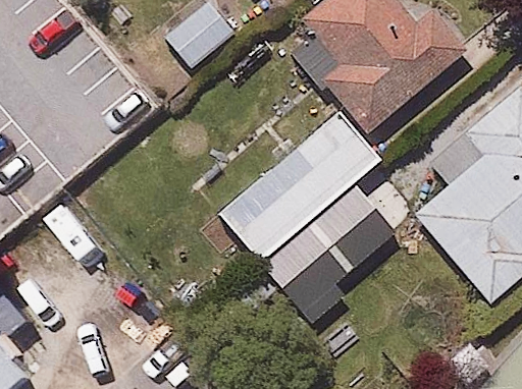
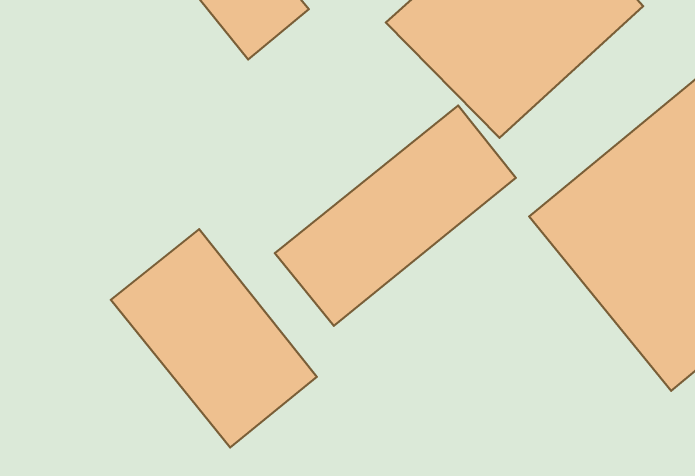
building: [266,189,404,328] -> none
building: none -> [111,229,317,448]

